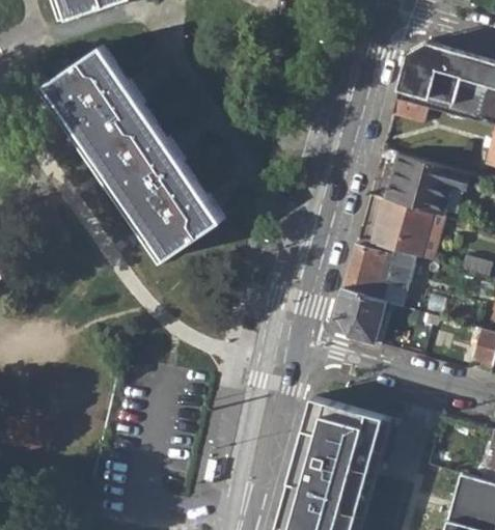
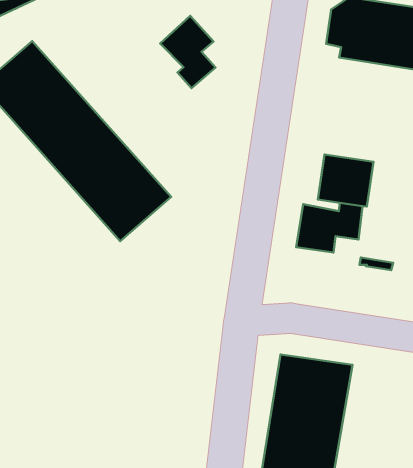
building: none -> [160,16,215,88]
building: [383,155,453,217] -> none
building: [336,290,384,344] -> none

